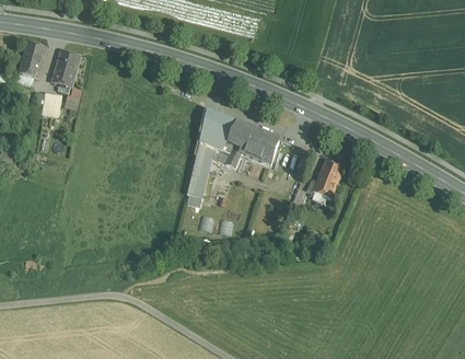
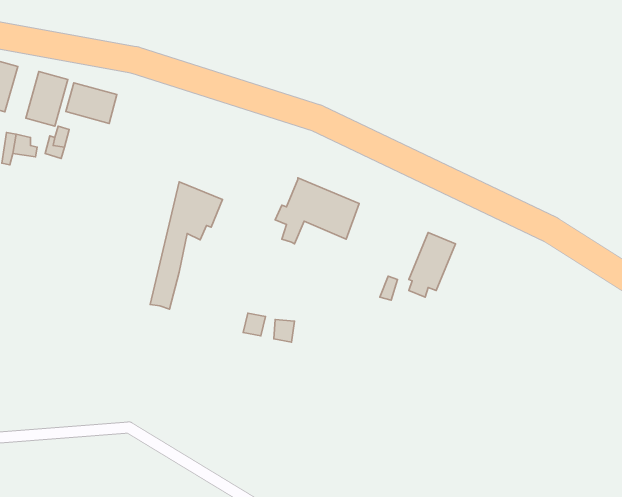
building: none -> [66,83,117,123]
building: [187,111,236,197] -> [150,182,223,309]

